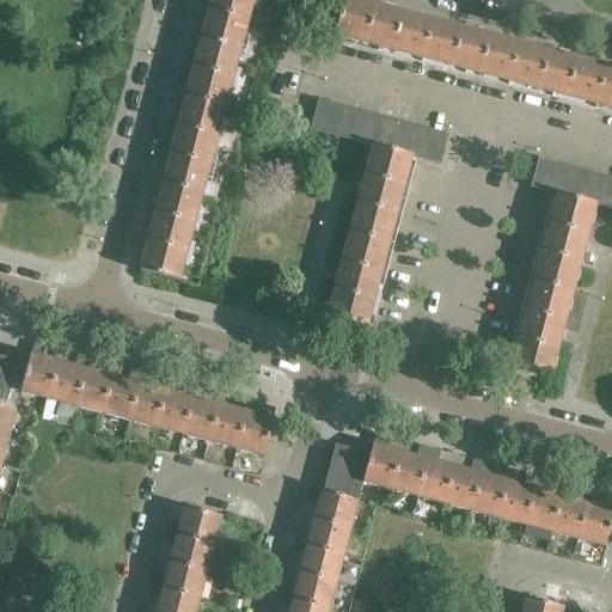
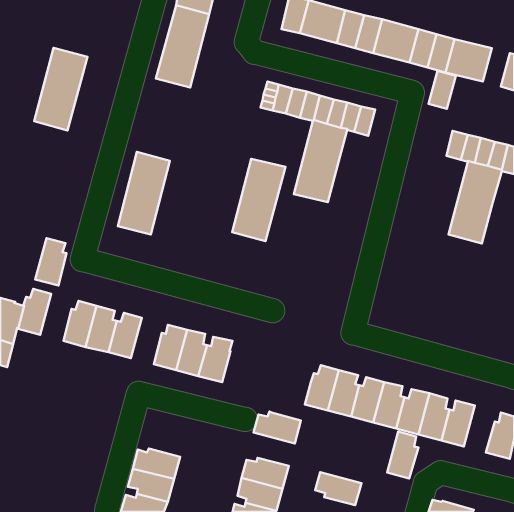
building: [574,57,606,103] -> [429,71,456,109]
building: [163,93,226,191] -> [34,48,88,130]
building: [326,231,390,329] -> [232,159,285,241]
building: [510,279,573,377] -> none
building: [48,349,85,405] -> [35,238,67,285]
building: [155,378,192,433] -> none
building: [323,442,369,500] -> none
building: [551,482,588,538] -> [387,431,418,479]
building: [166,503,221,543] -> none
building: [295,514,350,553] -> [315,472,361,505]

